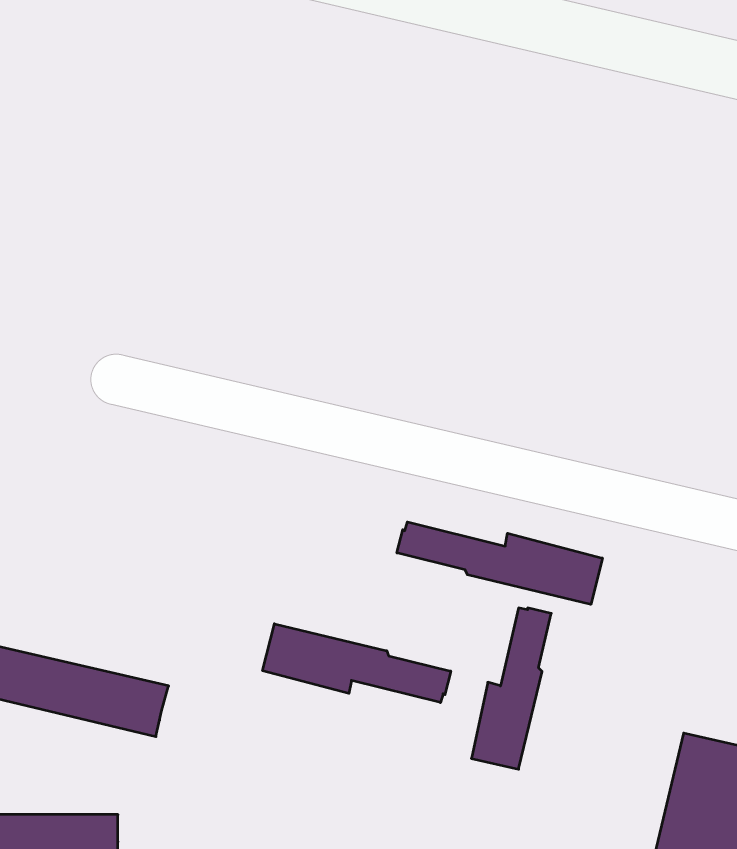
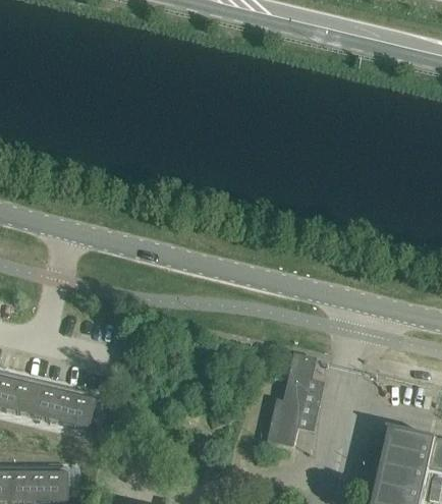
building: [397,522,602,604] -> none
building: [263,624,451,703] -> none

